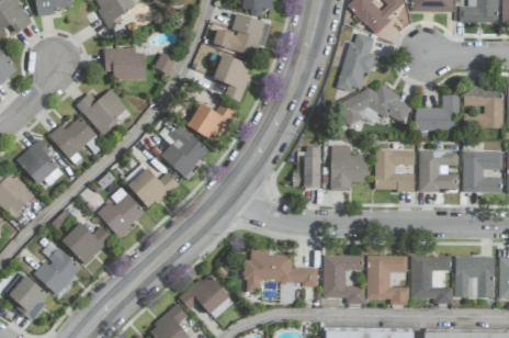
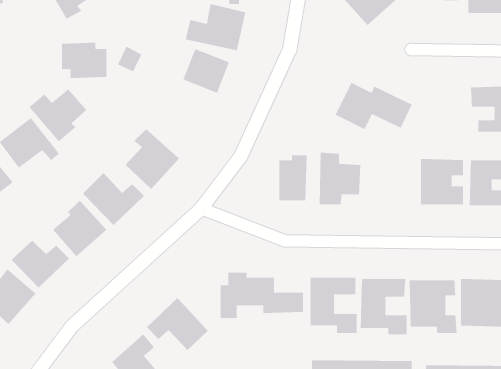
building: [337,33,375,92] -> none
building: [416,94,457,131] -> none
building: [186,101,236,144] -> none
building: [374,150,415,191] -> none

